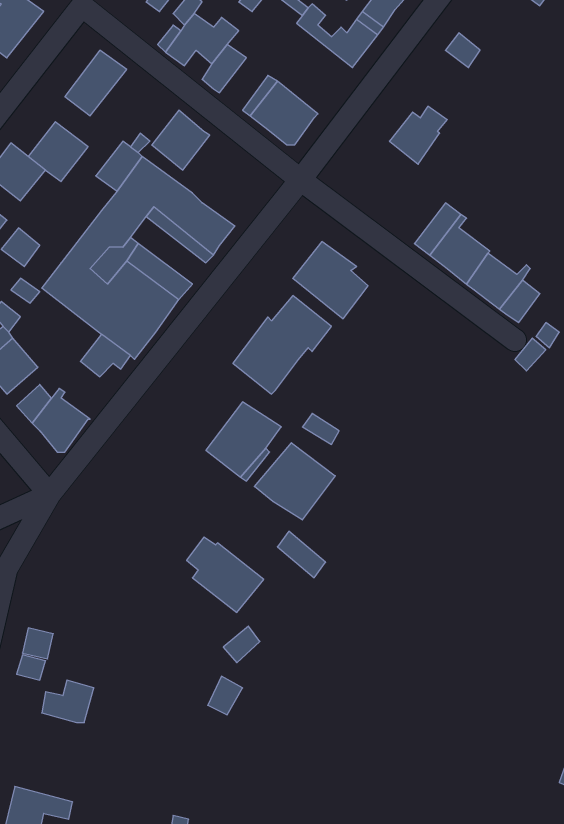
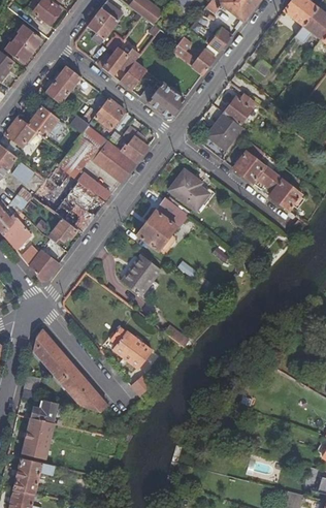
building: none -> [205,115,239,150]
building: none -> [120,124,149,160]
building: [254,443,335,520] -> none
building: none -> [33,328,110,413]
building: none -> [23,419,54,459]

